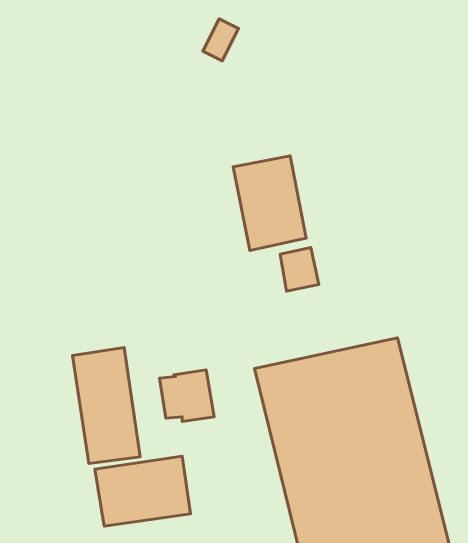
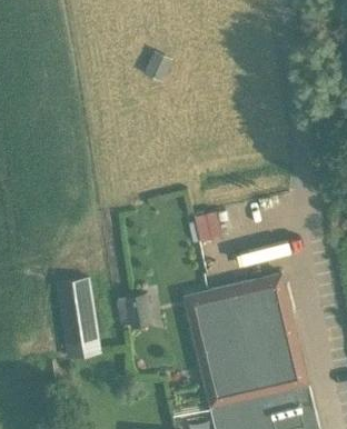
building: [233,156,306,250] -> none
building: [95,456,190,526] -> none

